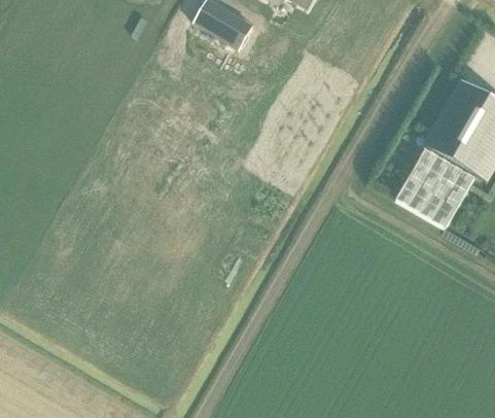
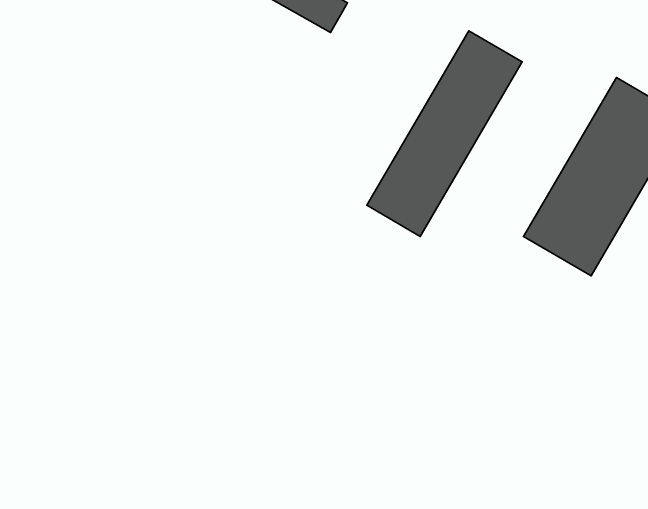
building: none -> [367,31,522,236]

